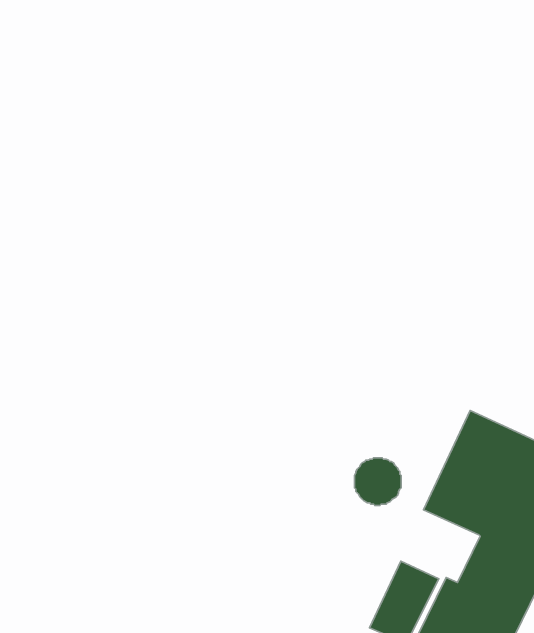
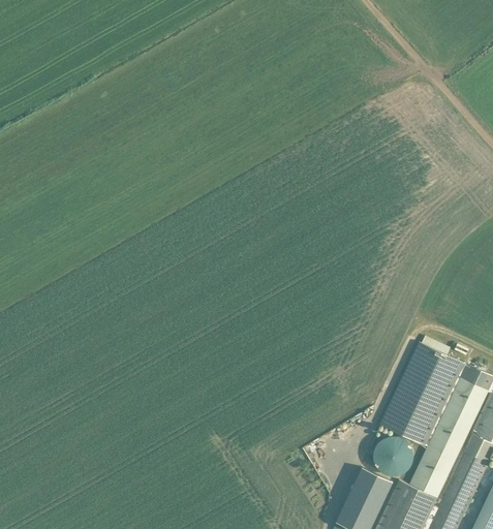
building: [355,458,401,505] -> [374,438,412,477]

